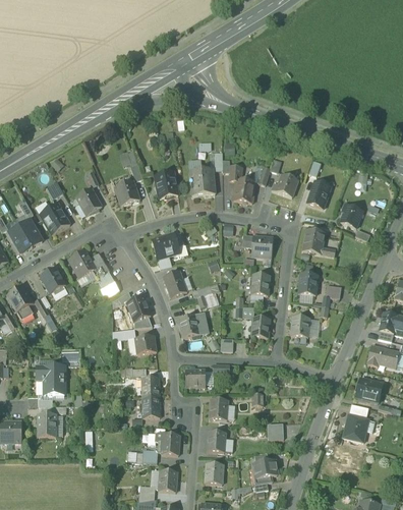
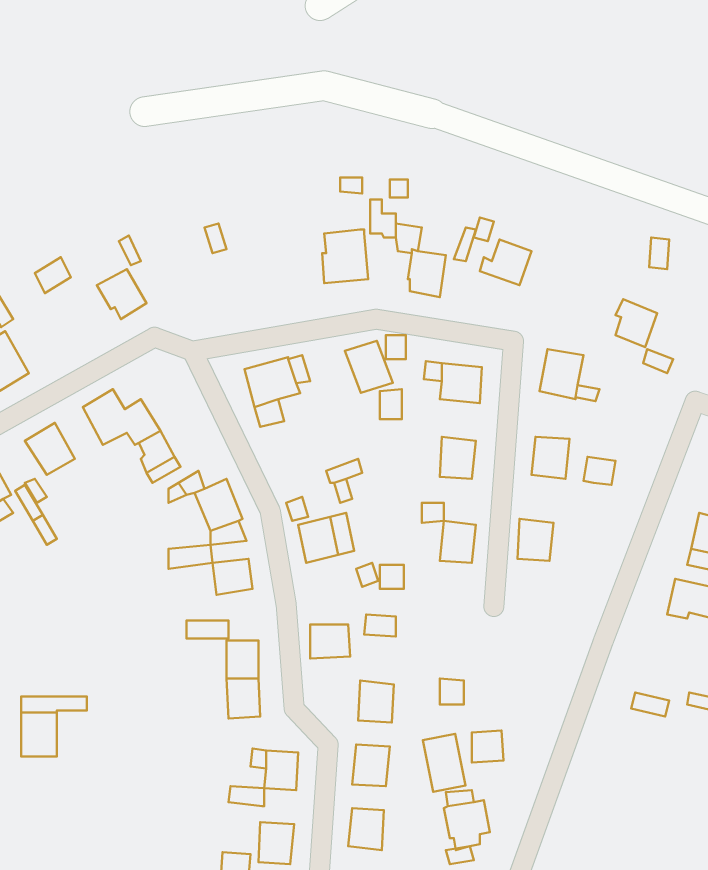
building: [155,172,178,199] -> none
building: [115,180,139,206] -> none
building: [307,181,331,208] -> none
building: [40,203,69,234] -> none
building: [163,271,187,297] -> [345,341,393,393]
building: [36,365,65,394] -> none
building: [356,379,383,402] -> none
building: [342,414,368,442] -> none
building: none -> [423,734,465,792]

